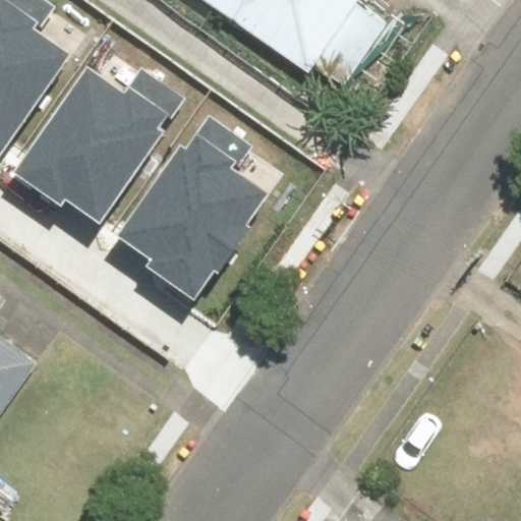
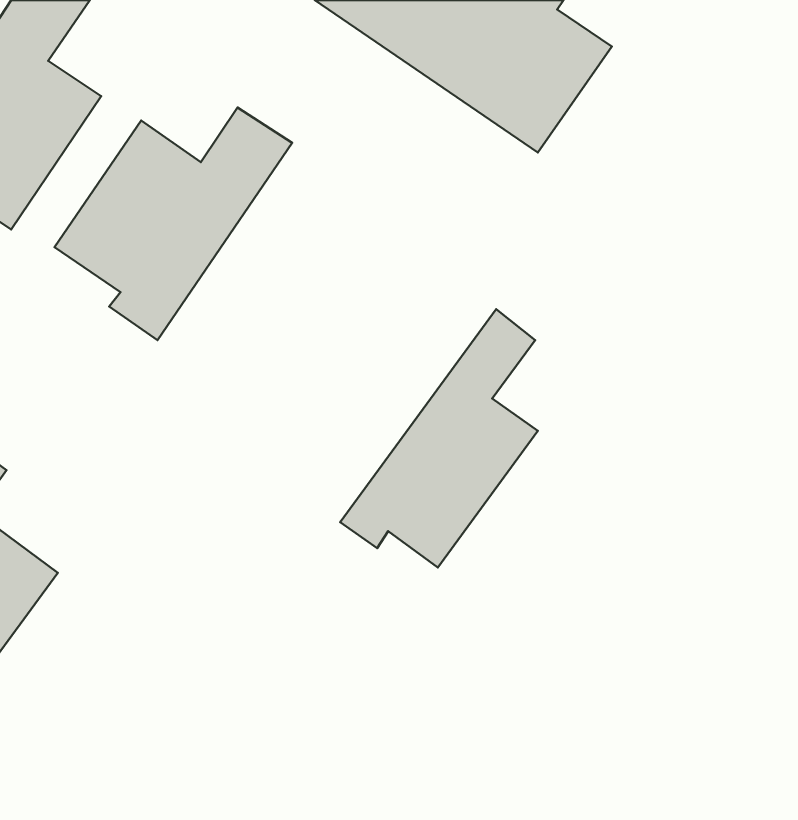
building: [126,97,255,281] -> none
building: none -> [340,309,538,567]

